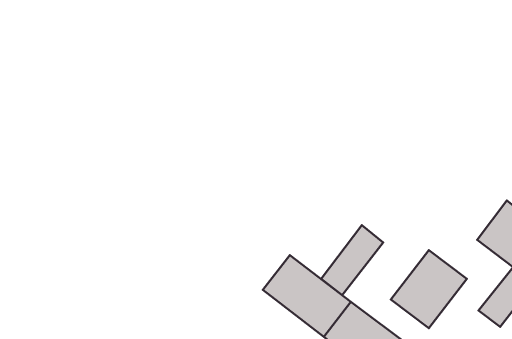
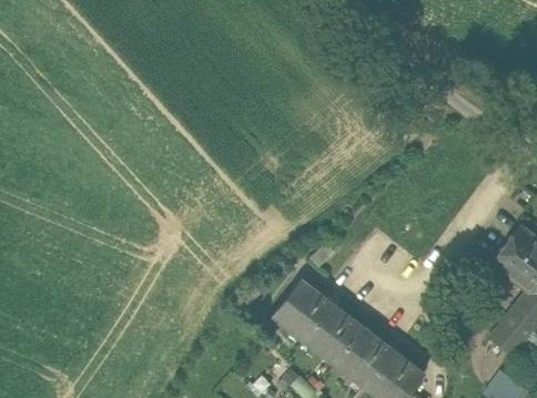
building: [321,225,383,295] -> none
building: [391,250,467,328] -> none

